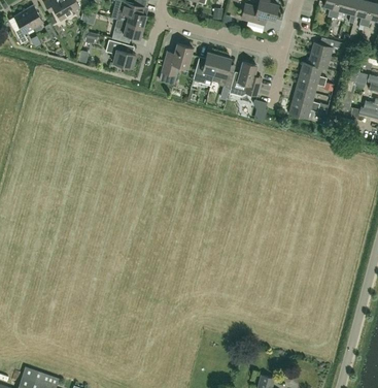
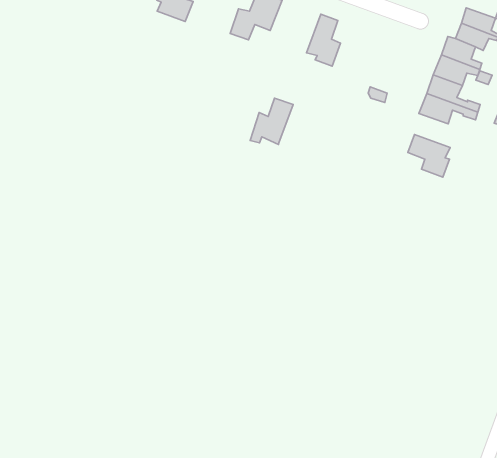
building: [194,53,219,83] -> [250,98,293,145]
building: [230,62,259,96] -> none
building: none -> [408,135,450,177]

